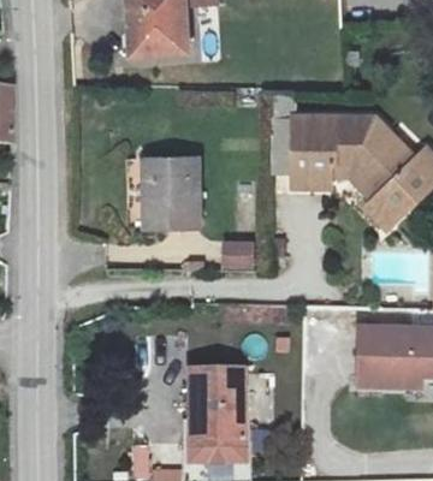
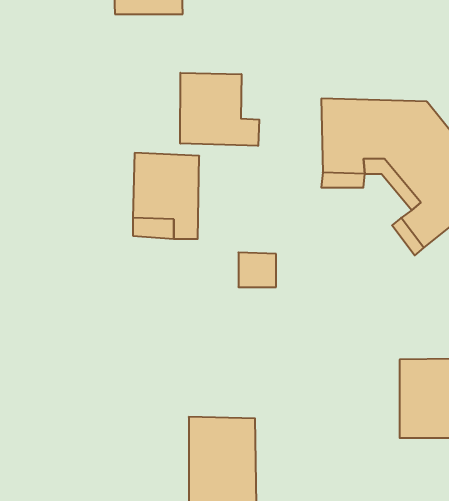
building: none -> [180,73,259,146]

